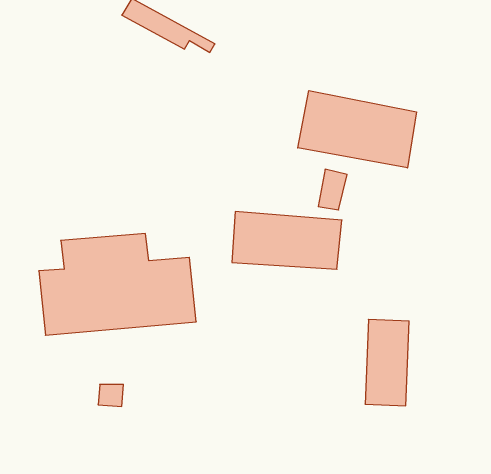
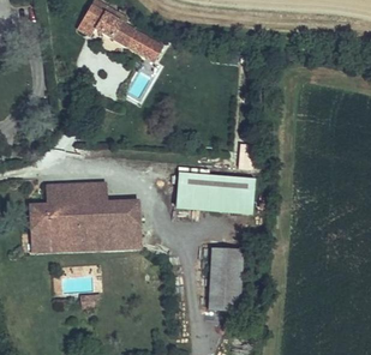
building: [298,91,416,168] -> none
building: [365,319,409,406] -> [213,246,244,307]

